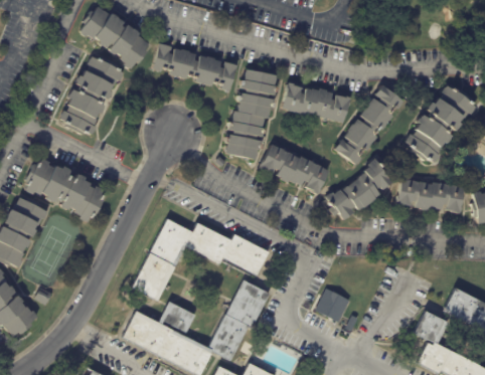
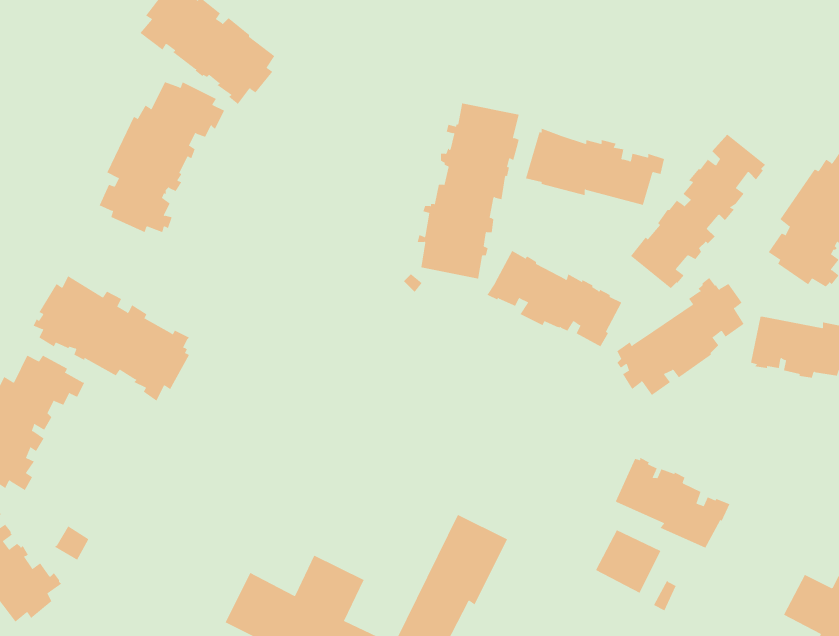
building: [152,41,236,89] -> none
building: [131,219,268,301] -> none
building: none -> [615,457,730,548]

